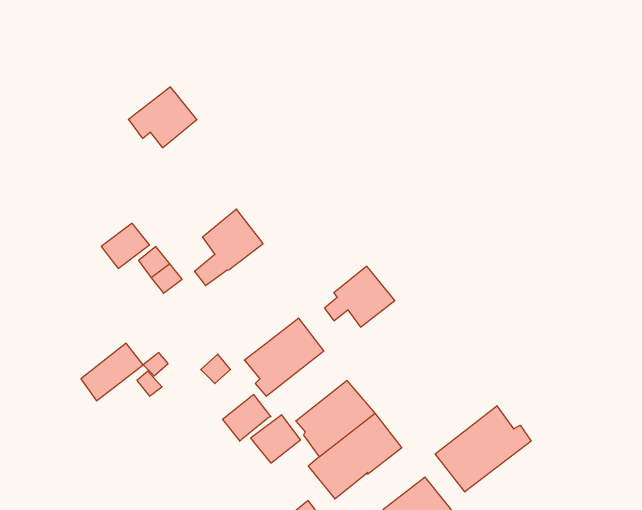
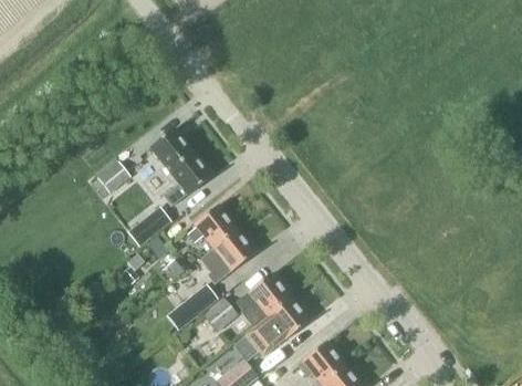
building: [128,87,197,148] -> [146,127,195,170]
building: [325,266,395,327] -> [189,204,239,247]
building: [81,343,143,401] -> [129,205,174,246]
building: [435,406,531,492] -> none

